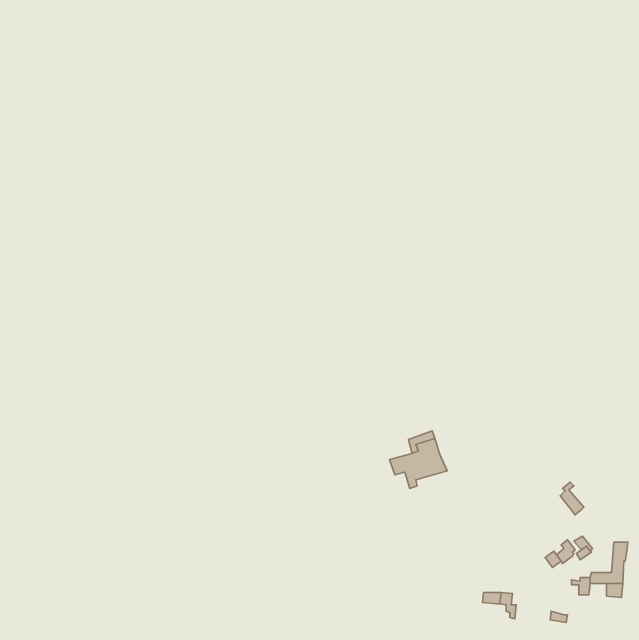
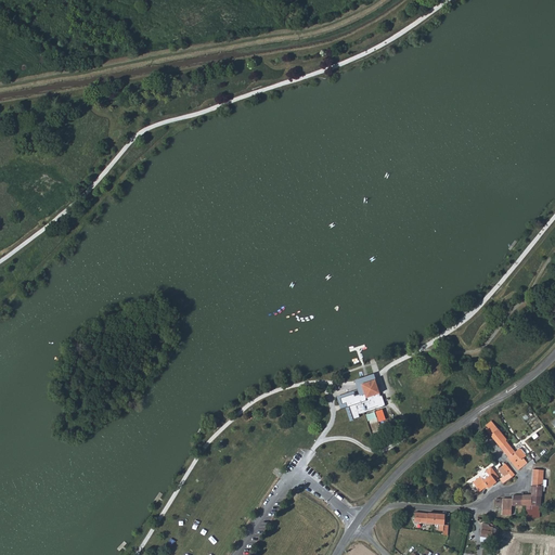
building: none -> [498,440,529,470]

